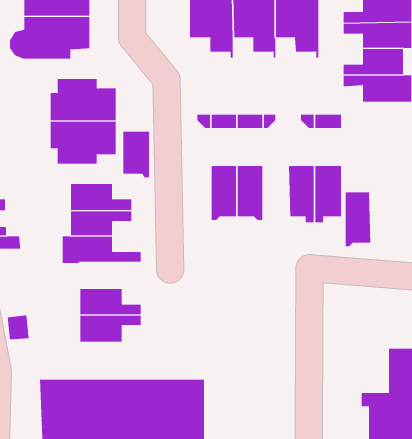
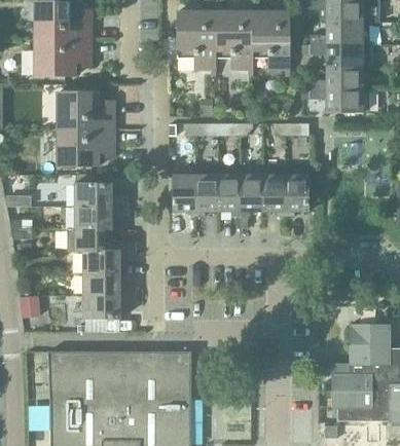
building: [122,131,150,178] -> [172,176,195,216]
building: [345,192,371,247] -> [241,169,263,216]
building: none -> [82,252,136,274]

